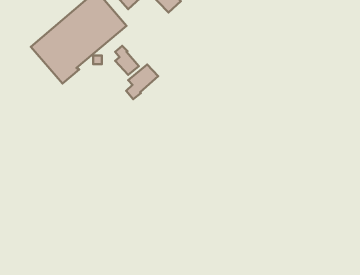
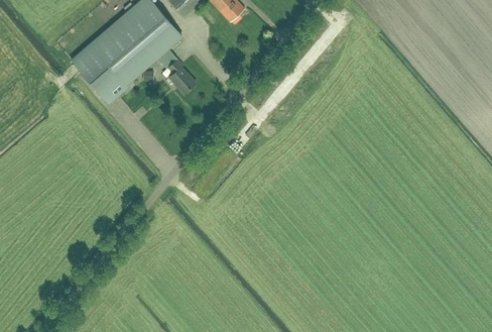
building: [126,65,158,99] -> none

